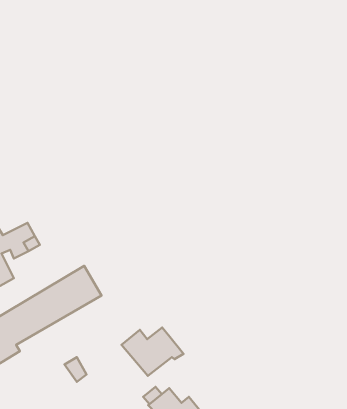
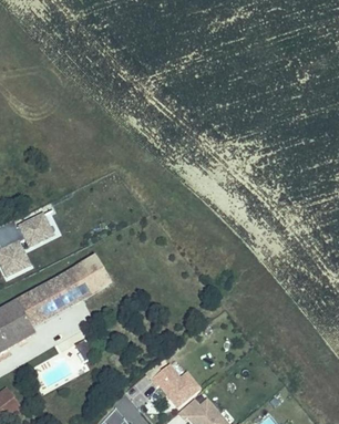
building: [122,327,183,376] -> none

